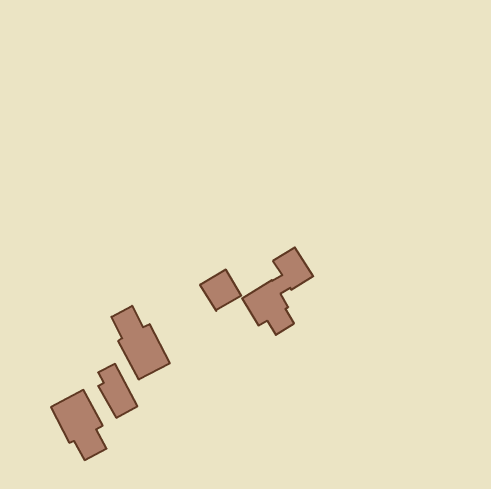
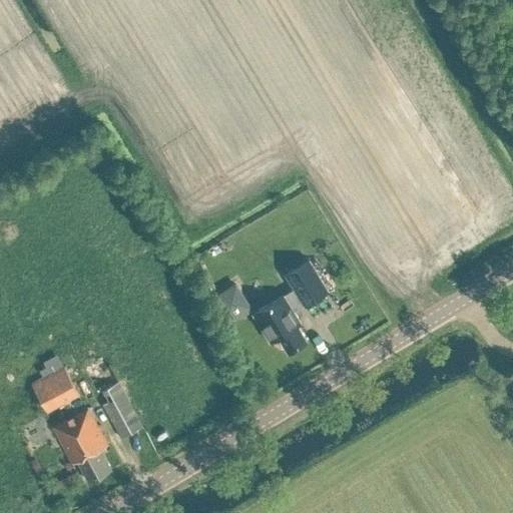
building: [111,306,170,380] -> none
building: none -> [33,367,81,413]

